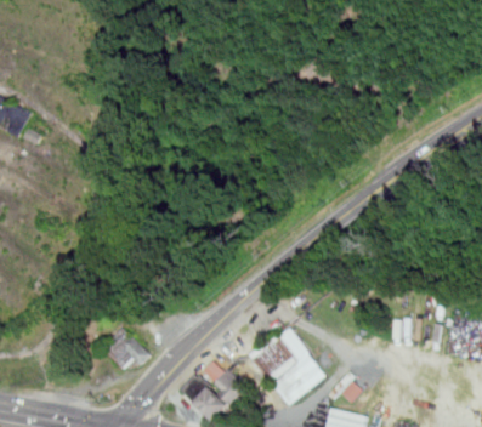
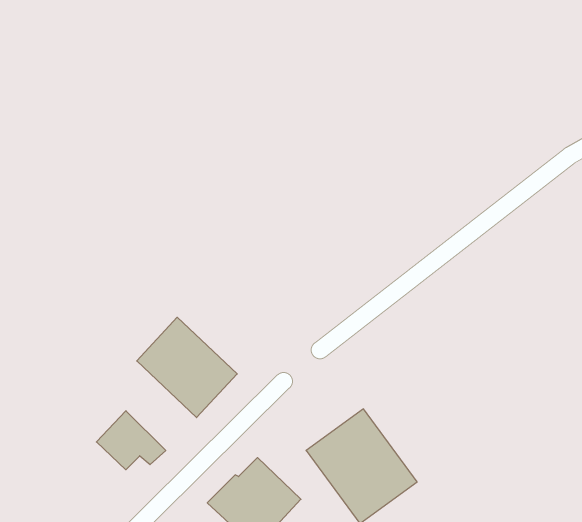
building: none -> [137,317,237,418]

